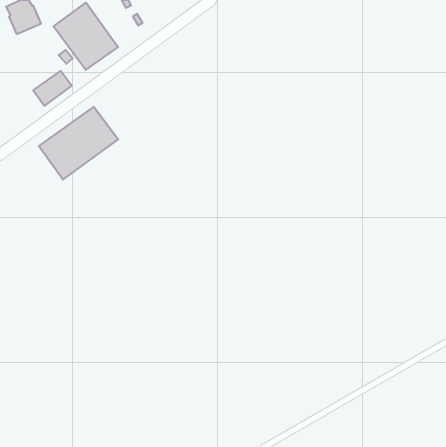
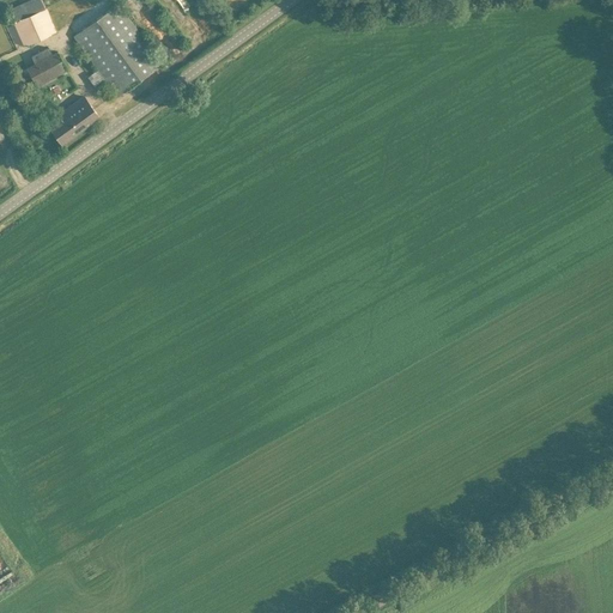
building: none -> [16,48,68,89]
building: [39,107,118,180] -> none

